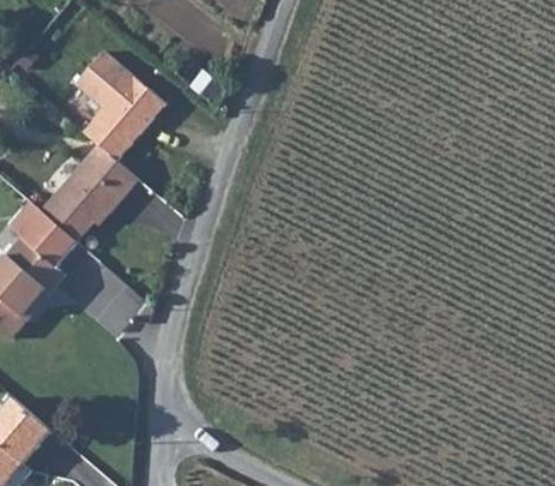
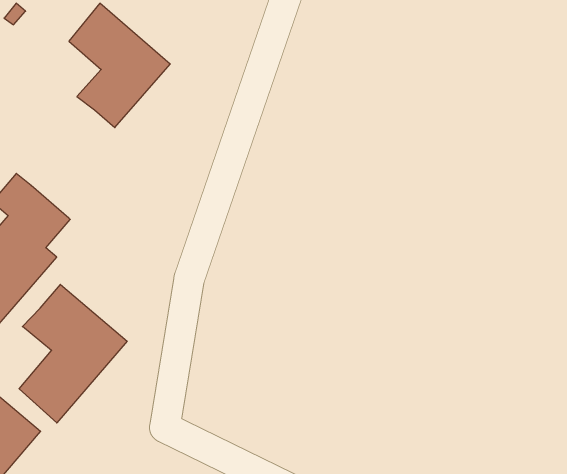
building: [41,144,137,240] -> none
building: none -> [19,284,127,423]

